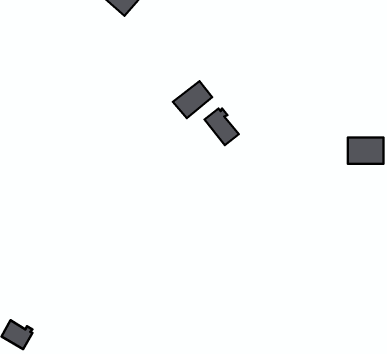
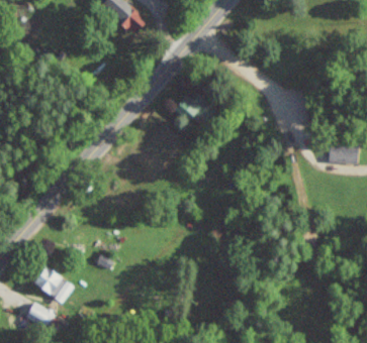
building: [204,108,239,145] -> none
building: none -> [29,262,74,303]

